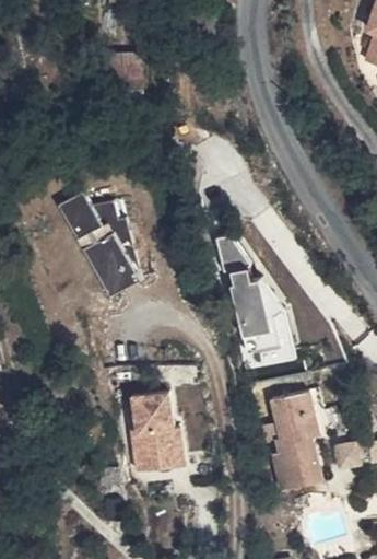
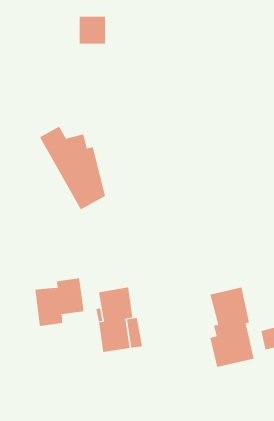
building: [215,235,281,354] -> none
building: none -> [35,278,84,327]

